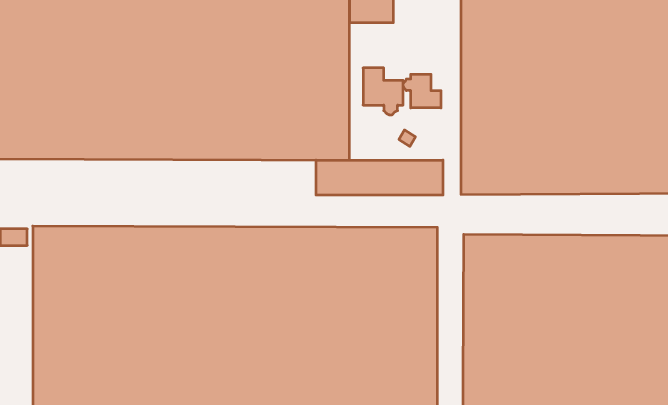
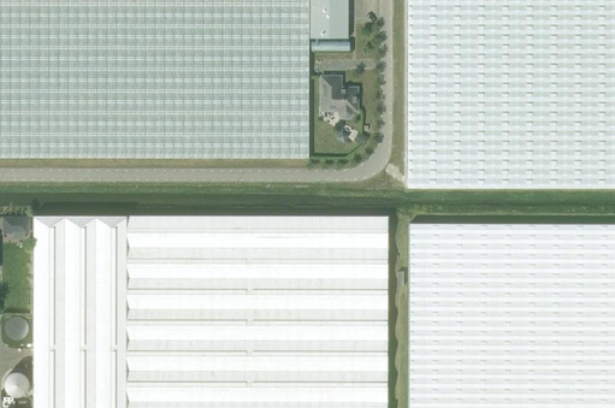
building: [403,74,441,108] -> none
building: [316,160,443,195] -> none

